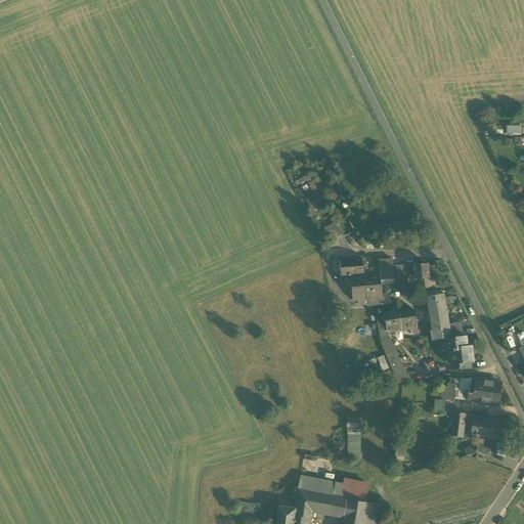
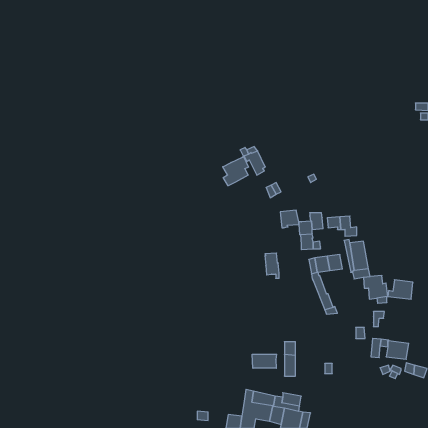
building: none -> [223,157,249,186]
building: [351,274,368,305] -> [265,253,279,278]
building: [470,381,500,404] -> [388,280,413,299]
building: none -> [252,354,277,368]

